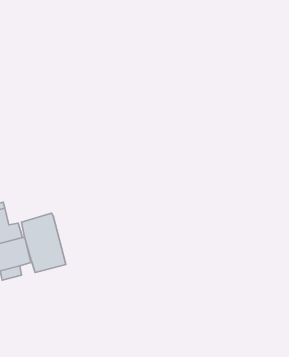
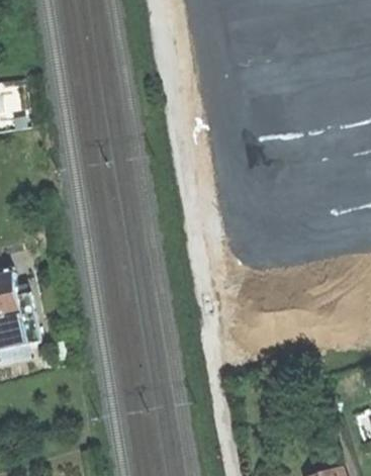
building: [21,213,66,273] -> none

